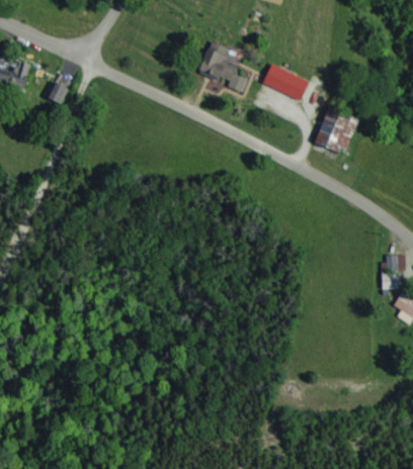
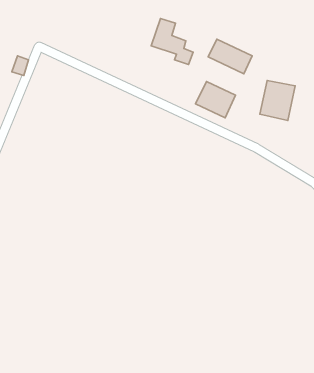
building: none -> [196,82,235,118]

